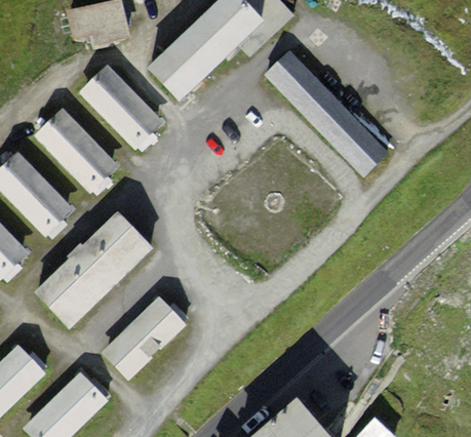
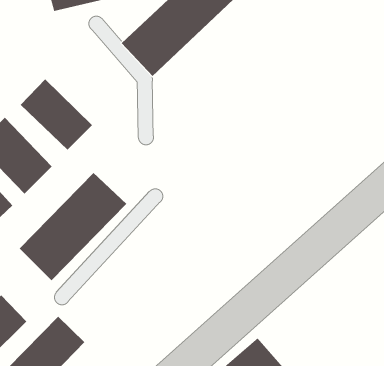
building: [264,49,389,172] -> none
building: [76,66,164,151] -> none
building: [100,296,184,382] -> none

